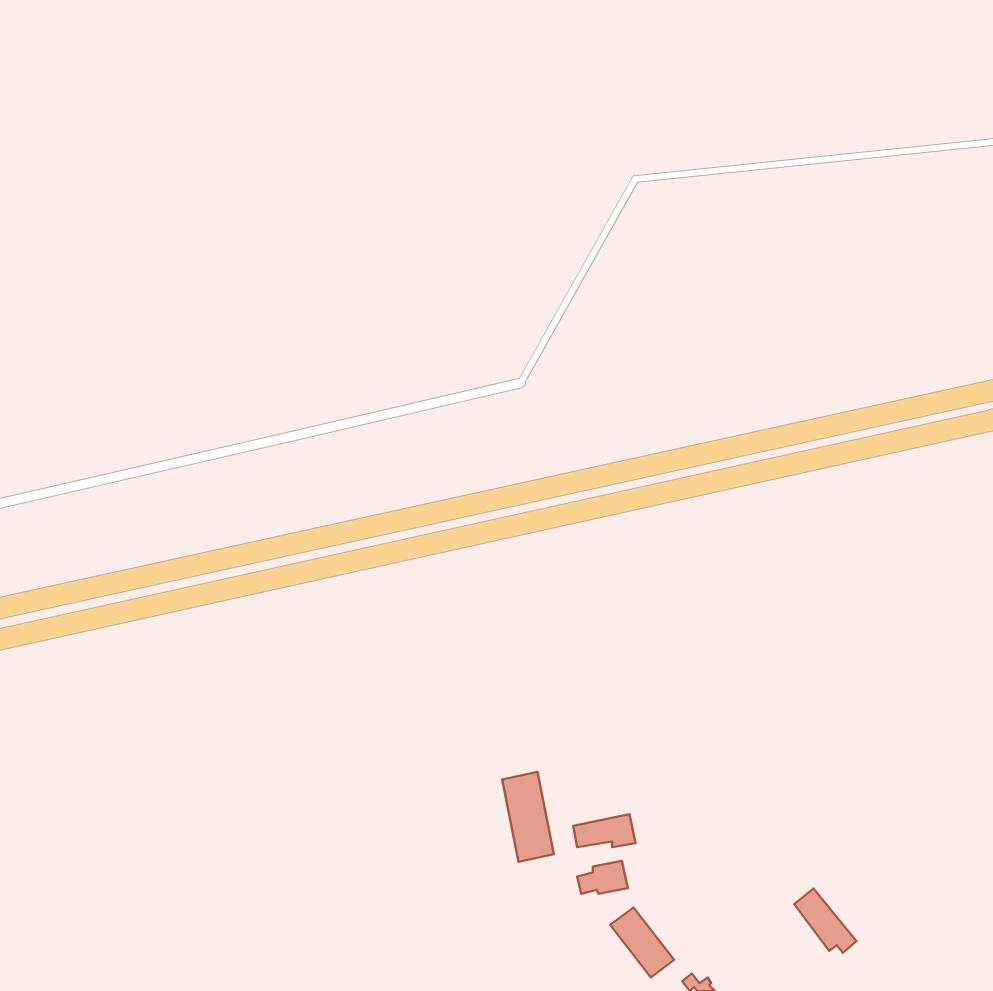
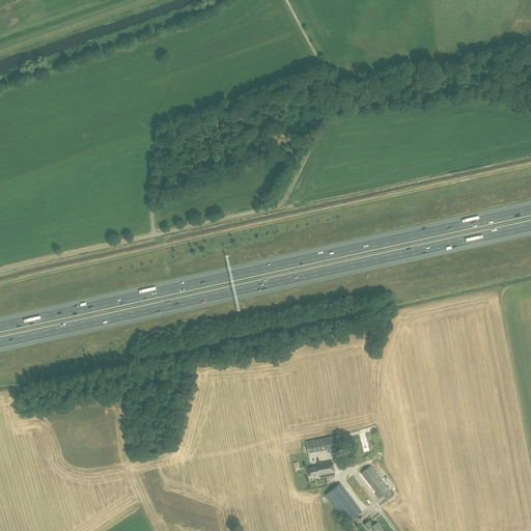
building: [502,772,554,862] -> none
building: [794,889,856,953] -> [360,465,393,499]

